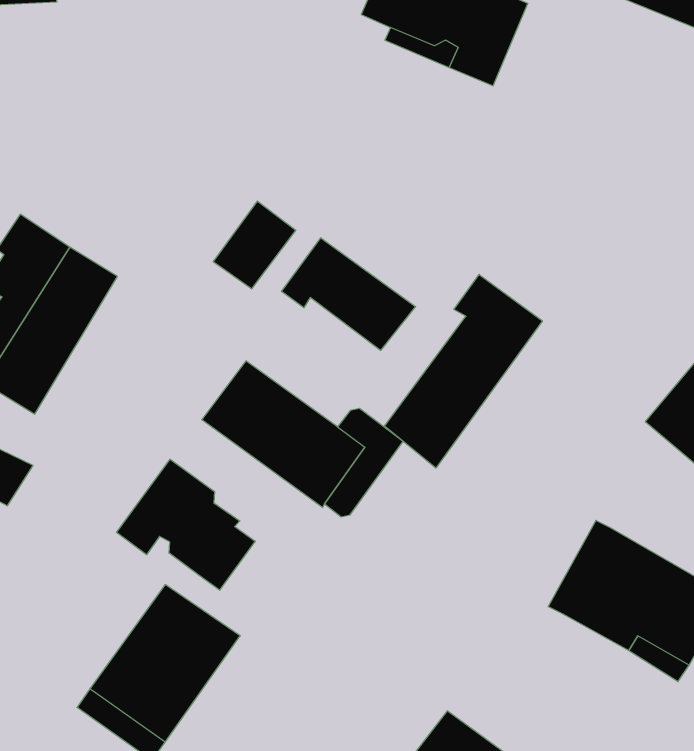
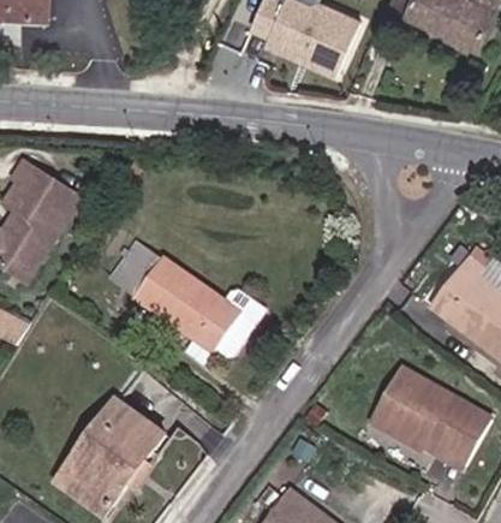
building: [213,201,296,289] -> [114,238,168,296]
building: [281,238,416,350] -> none
building: [385,274,542,468] -> none
building: [116,459,255,590] -> none

